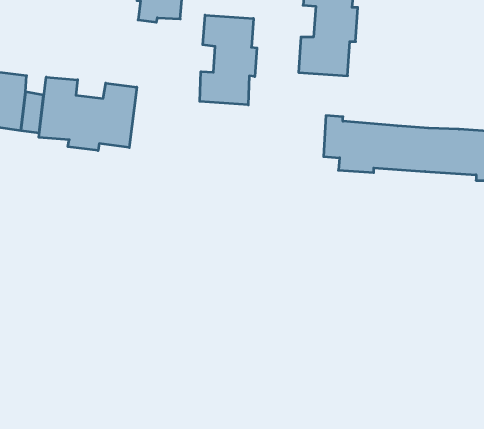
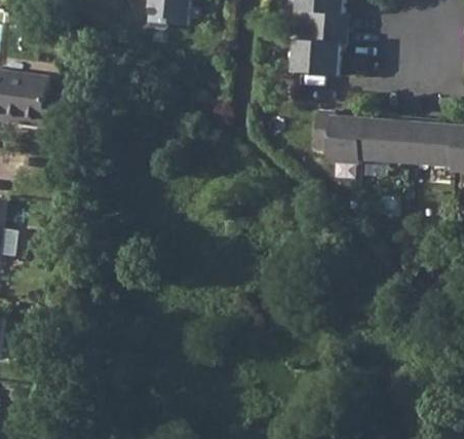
building: [200,15,257,105] -> none
building: [39,77,137,151] -> none

